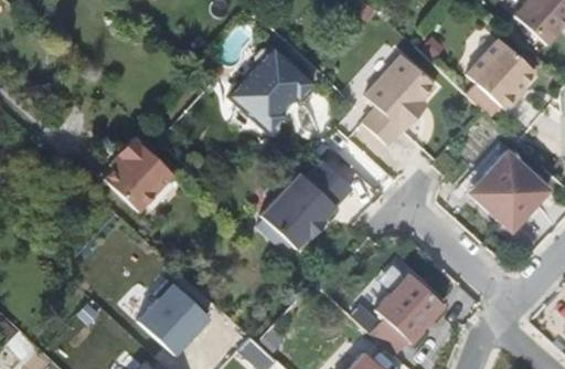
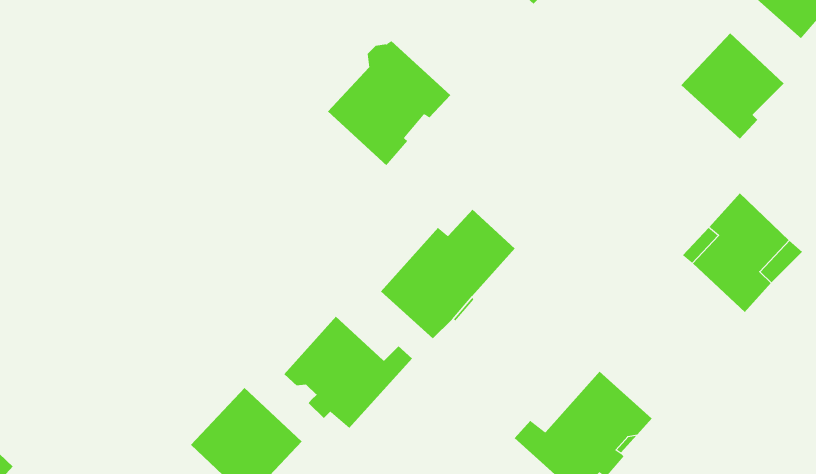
building: [361,56,434,145] -> none
building: [105,136,173,209] -> none
building: none -> [283,316,413,429]

